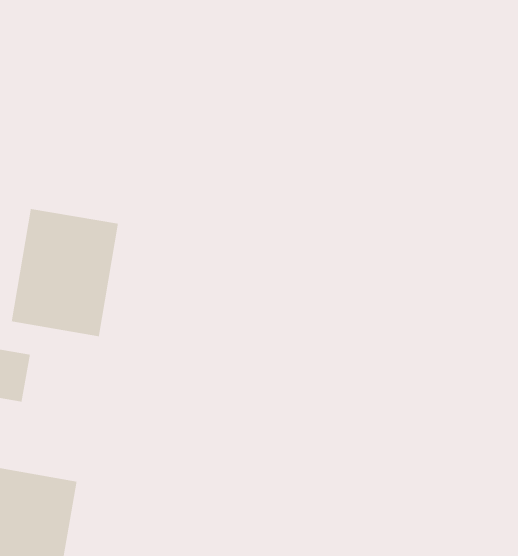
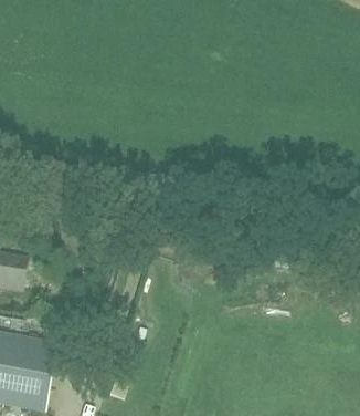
building: [11,208,119,337] -> none

